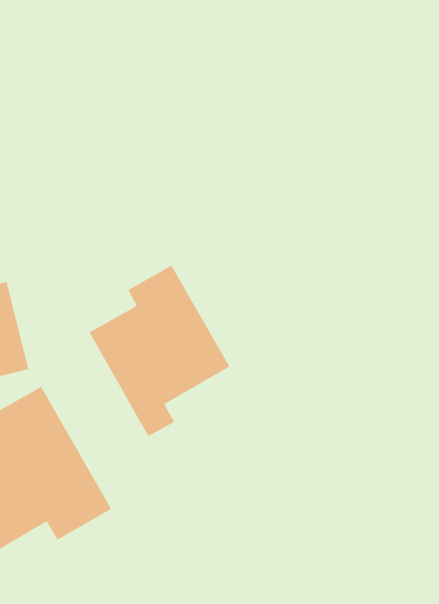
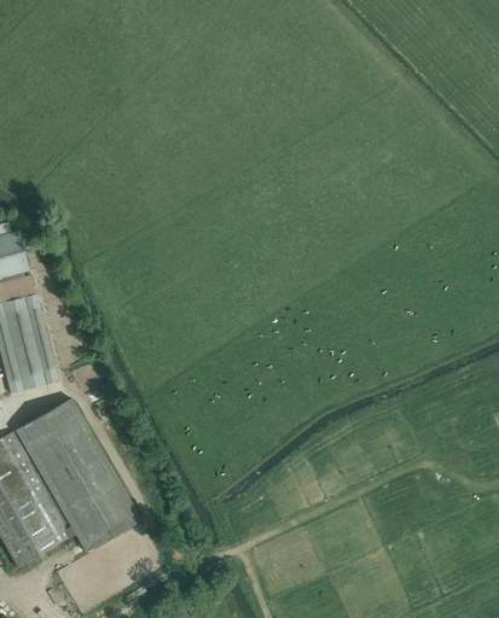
building: [89,265,230,437] -> none

